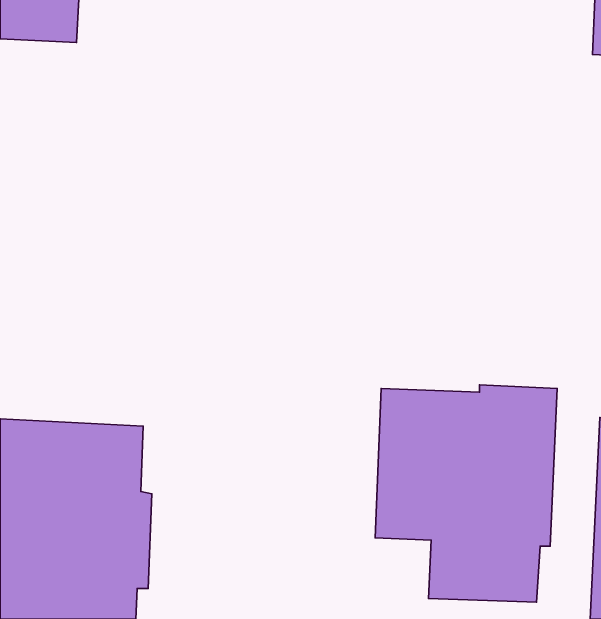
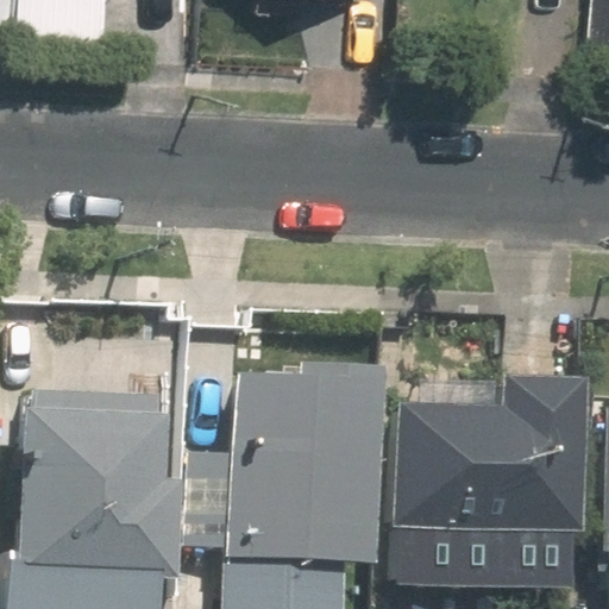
building: none -> [221,365,369,589]

